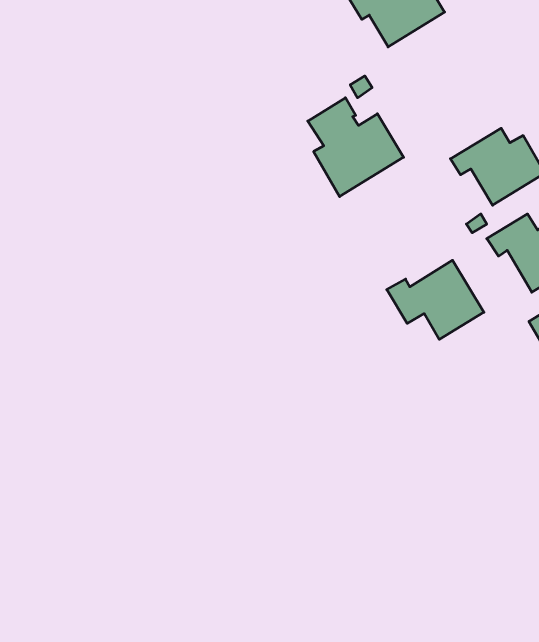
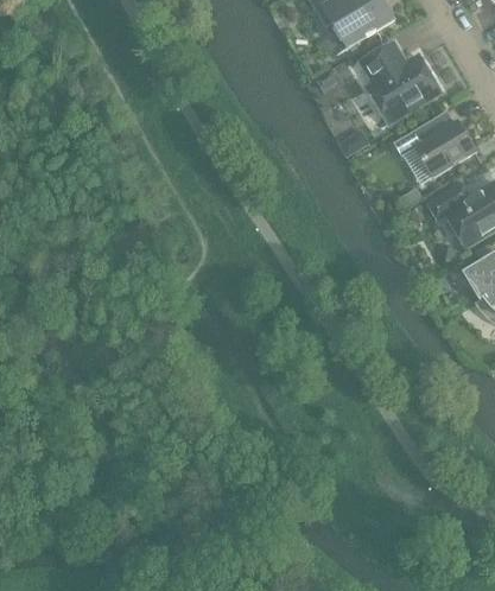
building: [308,98,404,197] -> [362,42,440,122]
building: [387,260,484,339] -> none

